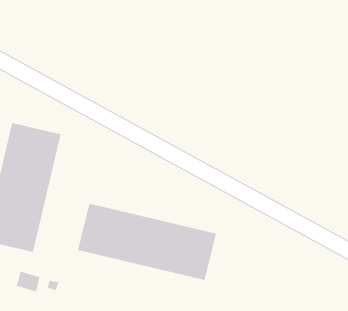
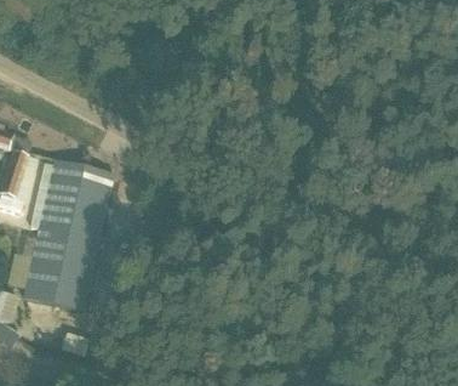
building: [77,203,217,281] -> none

